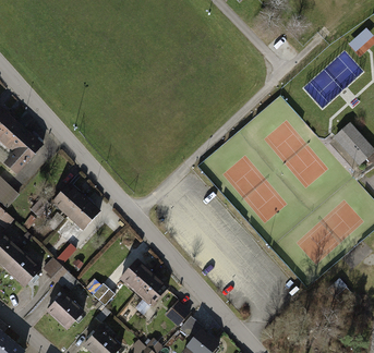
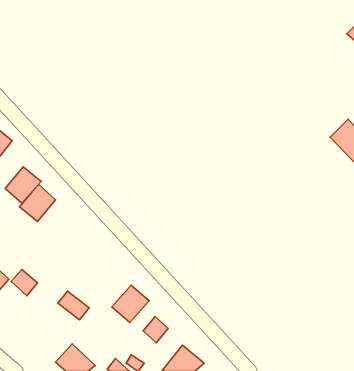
building: [67,196,99,229] -> [5,167,41,203]
building: [119,259,152,293] -> none
building: [47,293,85,331] -> none

